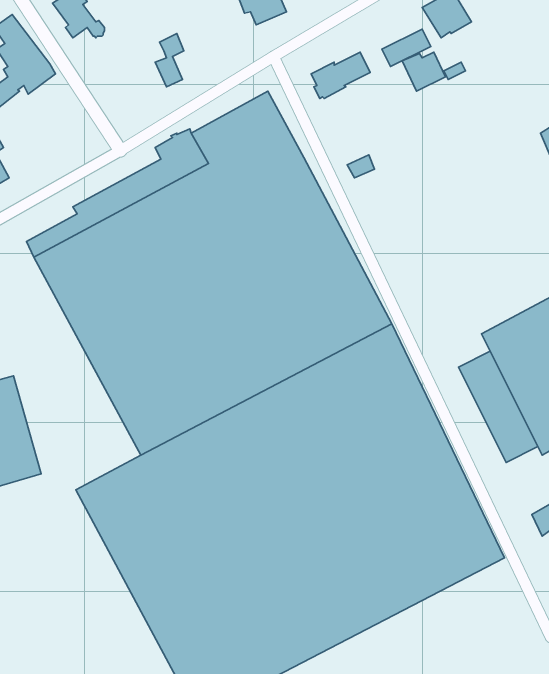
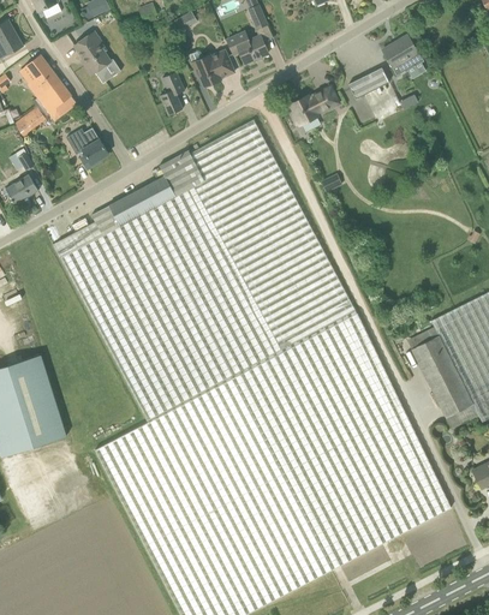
building: none -> [187,49,234,86]
building: none -> [68,127,108,169]

